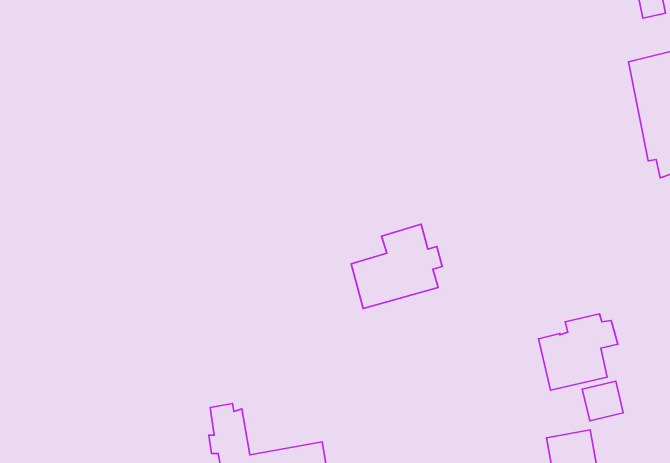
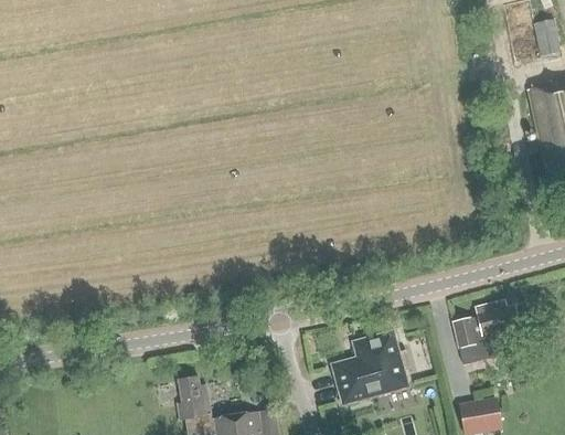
building: [351,224,442,309] -> [333,332,409,403]
building: [582,381,623,421] -> none

